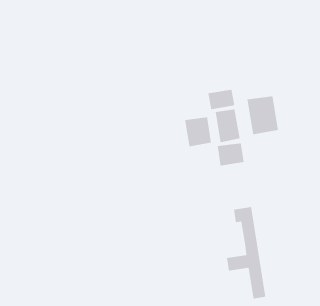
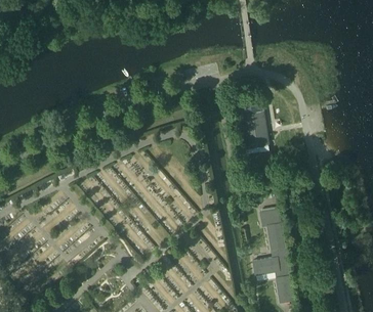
building: [247,95,278,135] -> none
building: [185,116,212,147] -> none

